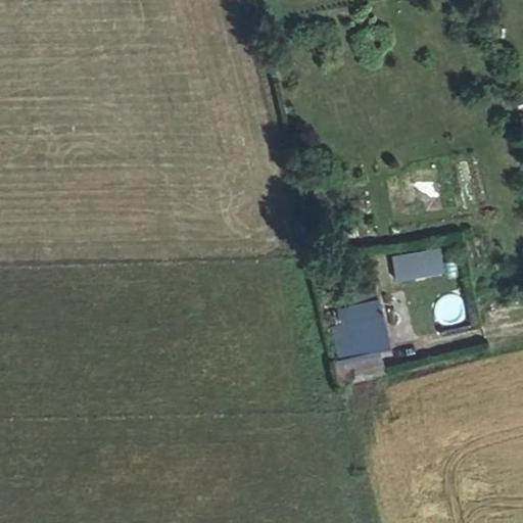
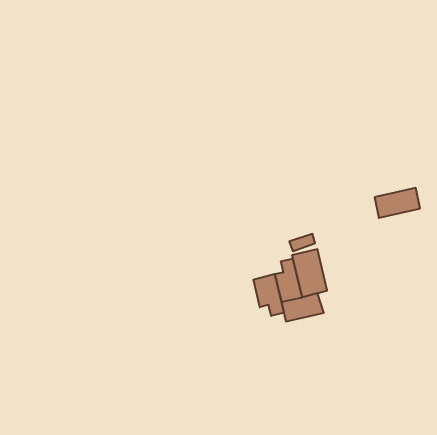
building: [390,245,444,281] -> [375,188,420,218]
building: none -> [253,274,284,316]

